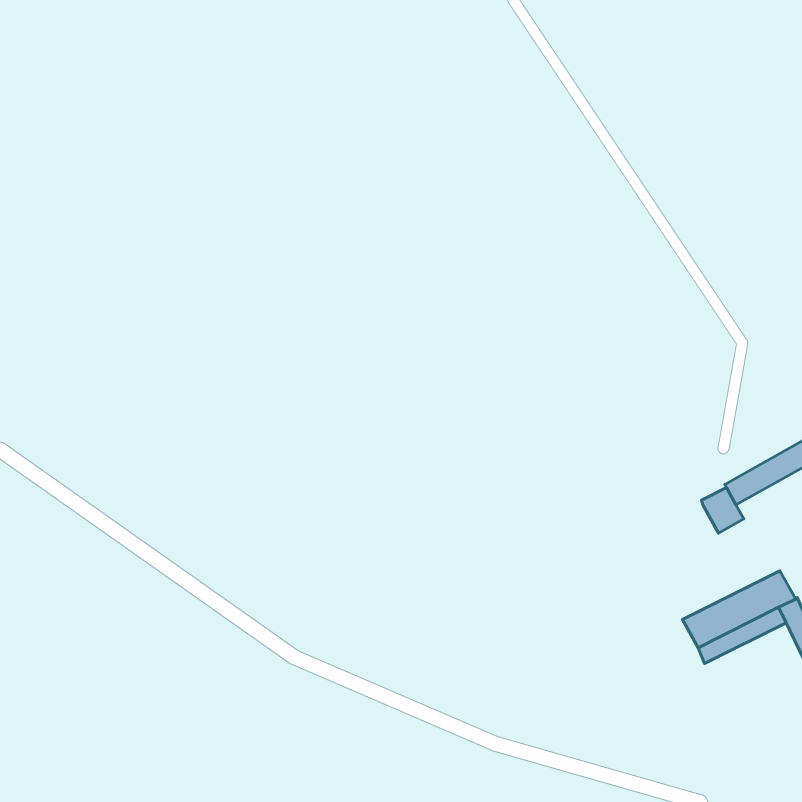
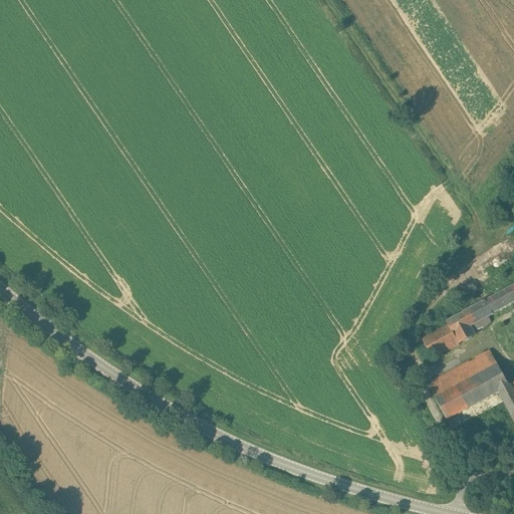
building: none -> [424,322,460,353]
building: none -> [430,349,499,396]

